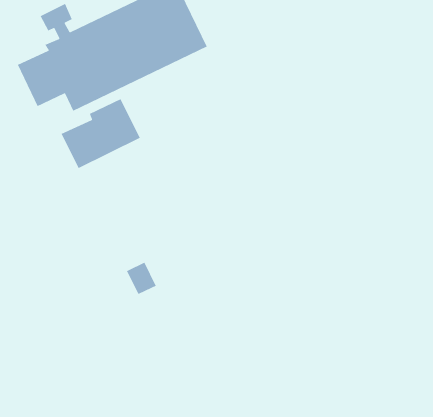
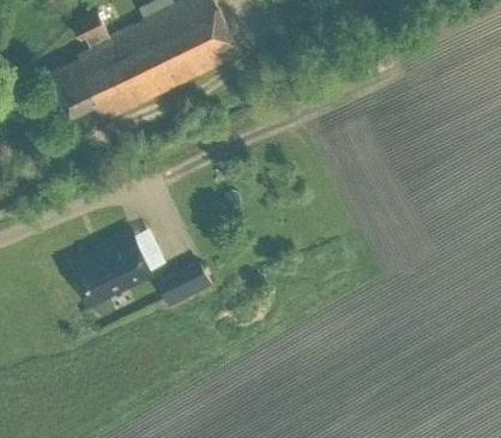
building: [60,98,141,169] -> [71,232,152,304]

